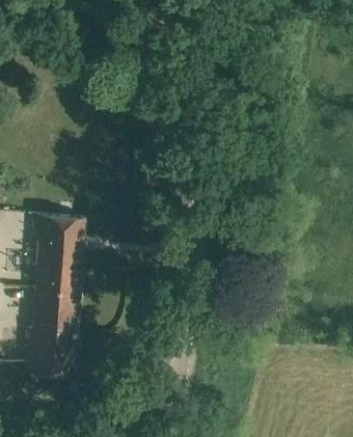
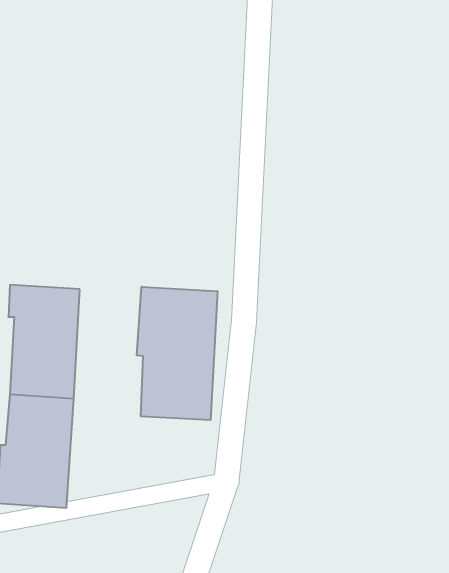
building: none -> [137,287,217,420]

